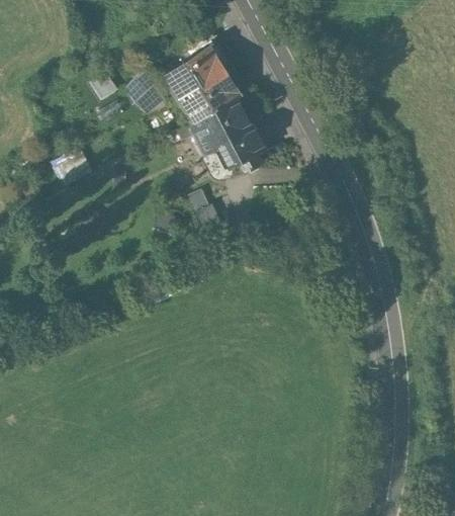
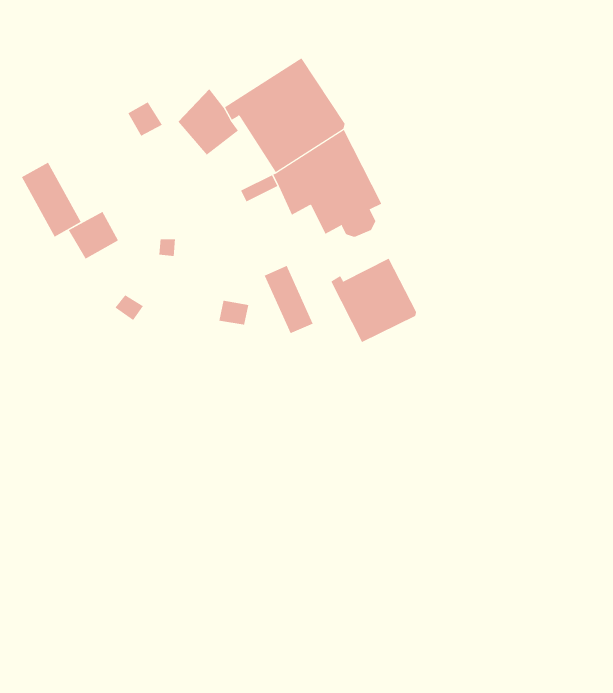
building: none -> [21,162,82,237]
building: none -> [331,258,417,343]

